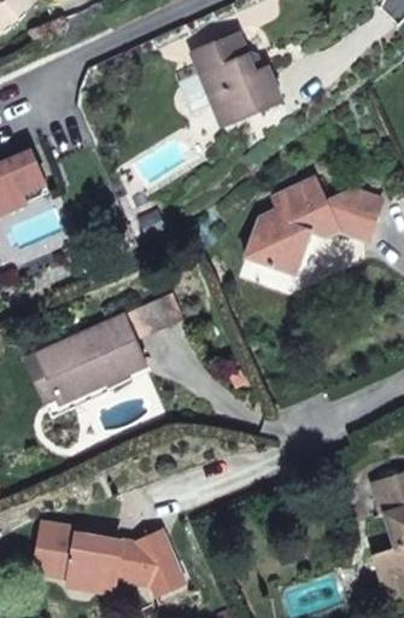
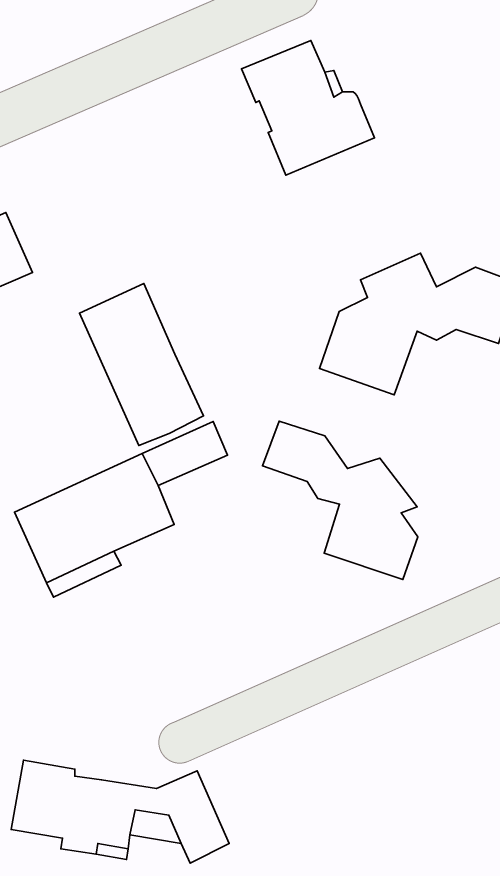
building: none -> [79,284,203,446]
building: none -> [262,421,418,580]

